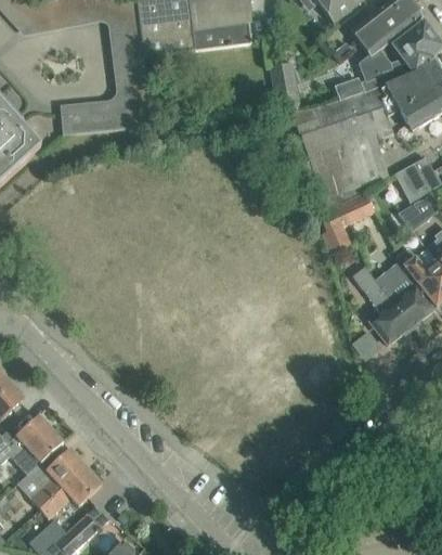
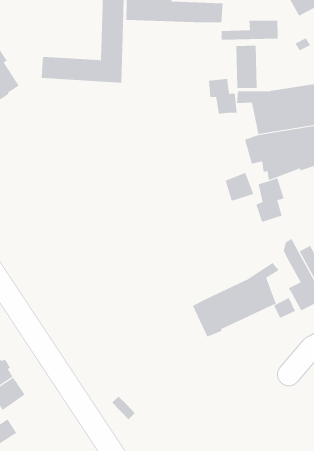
building: none -> [221,20,278,41]
building: none -> [208,78,237,114]
building: [338,188,373,222] -> [225,172,254,201]
building: none -> [192,262,279,338]

